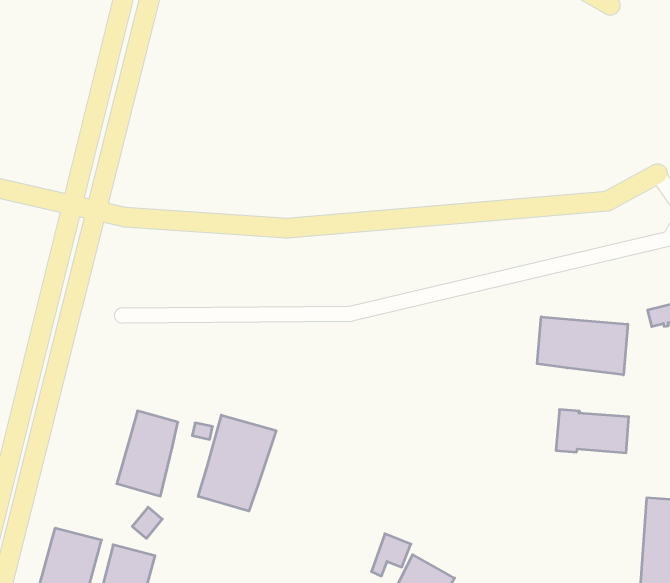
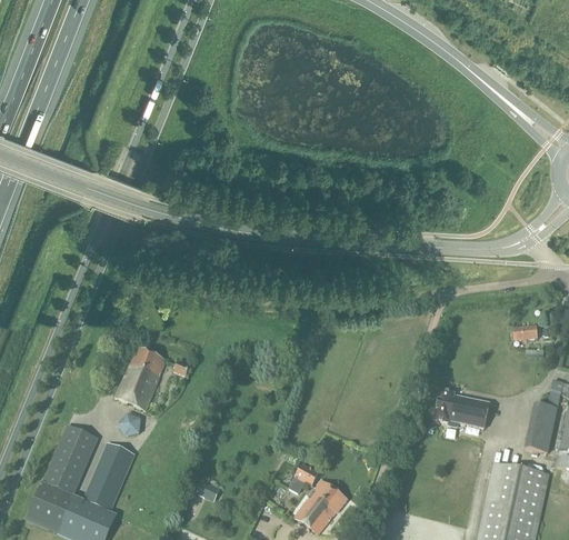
building: [537,317,628,375] -> none
building: [198,415,276,511] -> none

